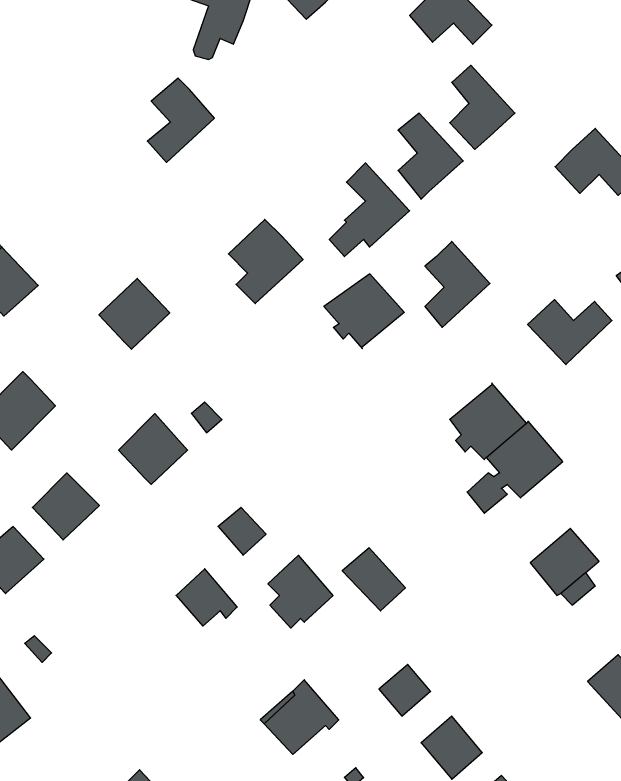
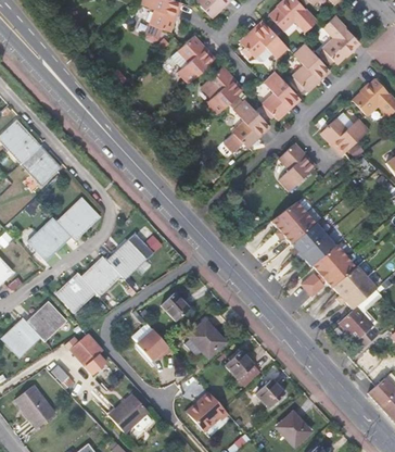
building: none -> [323,14,359,62]
building: none -> [241,20,289,58]
building: [147,78,214,162] -> [177,35,215,83]
building: [228,219,303,304] -> [202,65,244,113]
building: [324,274,404,349] -> [271,202,317,244]
building: [99,278,170,349] -> [55,200,95,240]
building: [528,300,612,365] -> [321,117,369,154]
building: none -> [80,258,120,298]
building: none -> [334,266,378,310]
building: [342,548,405,611] -> [224,352,259,388]
building: none -> [65,334,105,373]
building: none -> [106,394,145,434]

